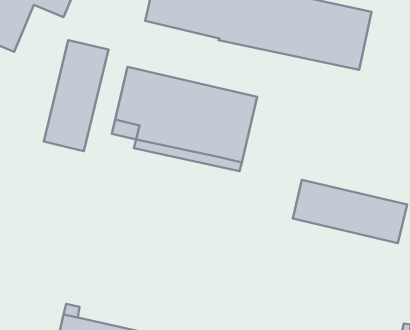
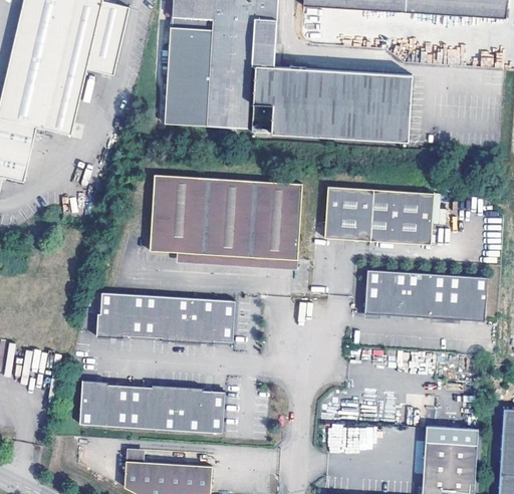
building: [44,40,108,151] -> none
building: none -> [322,185,433,242]
building: none -> [95,293,234,344]
building: none -> [79,381,225,433]

